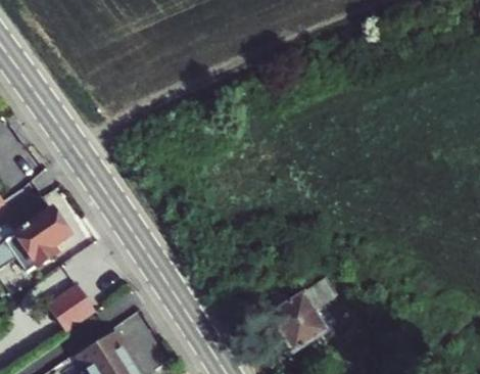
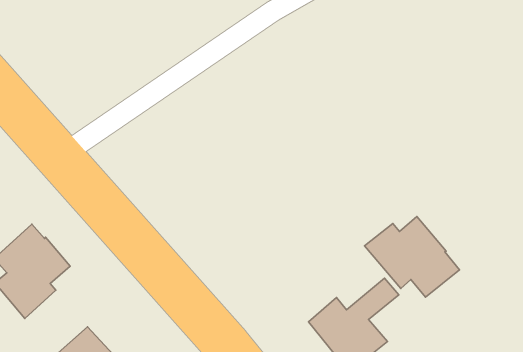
building: none -> [364,217,460,297]

